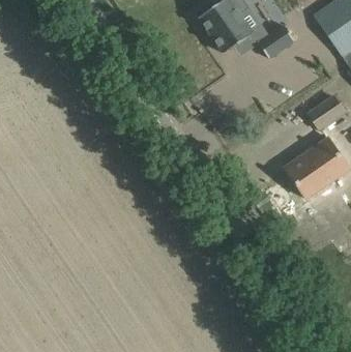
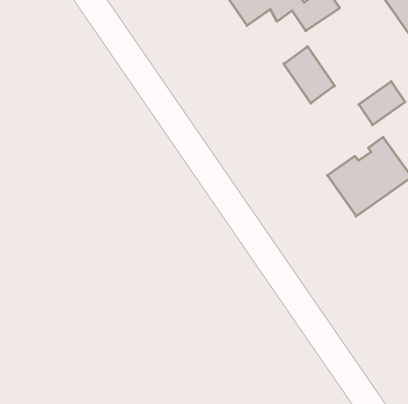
building: none -> [284,46,335,103]

